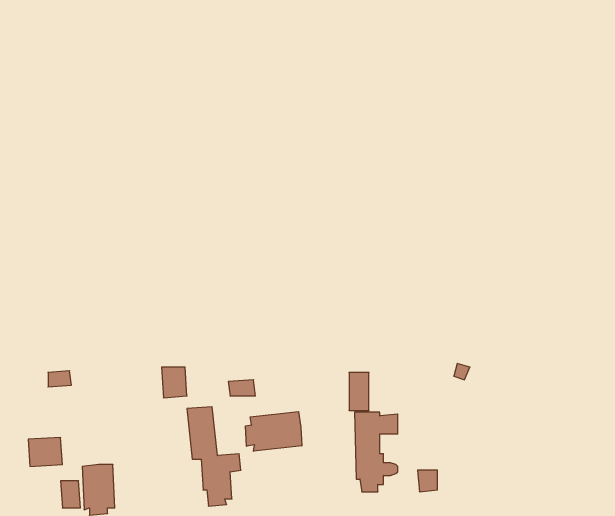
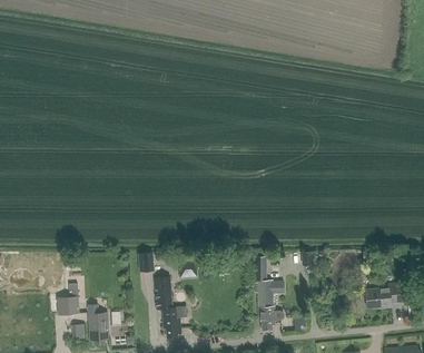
building: [246,412,302,451] -> none
building: none -> [365,282,404,307]

